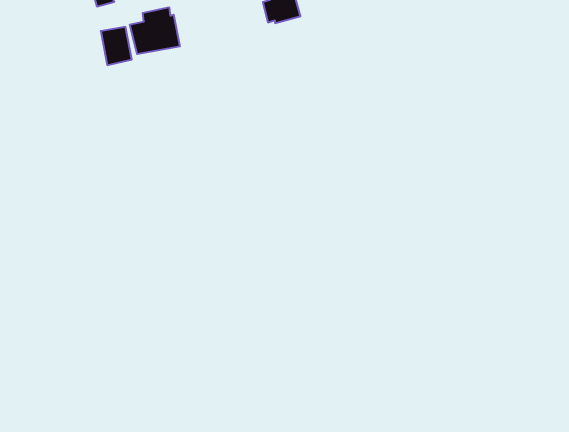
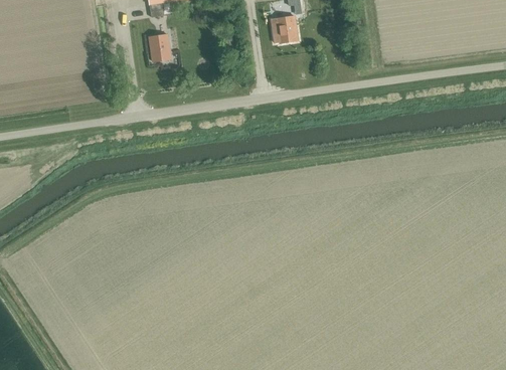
building: [130,7,180,54] -> none

